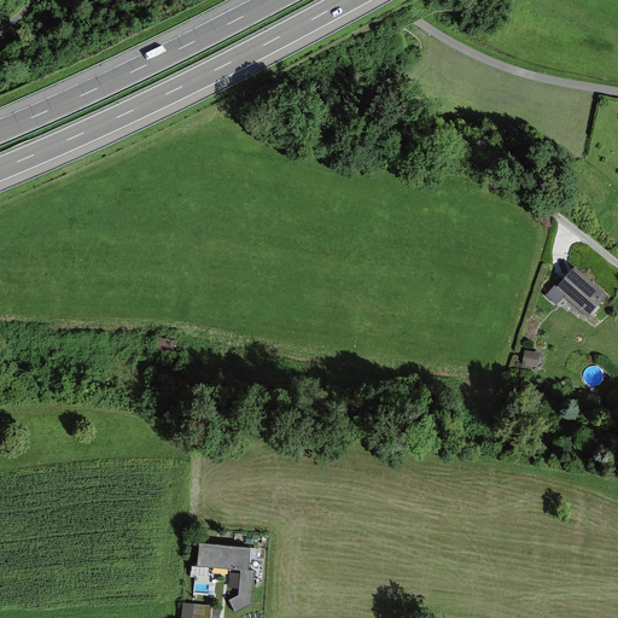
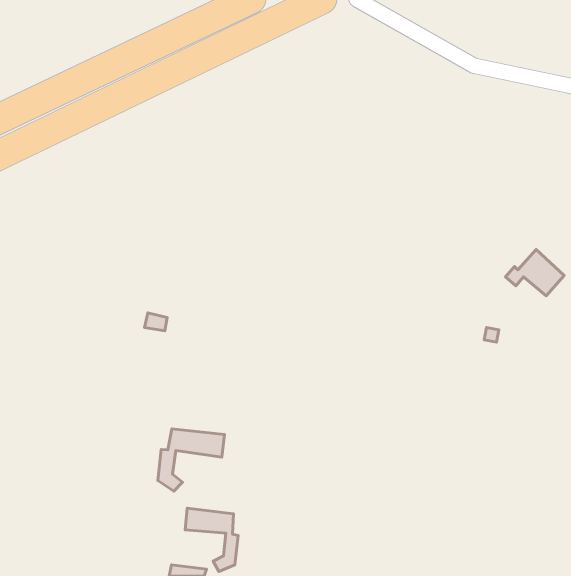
building: none -> [158,429,225,491]

